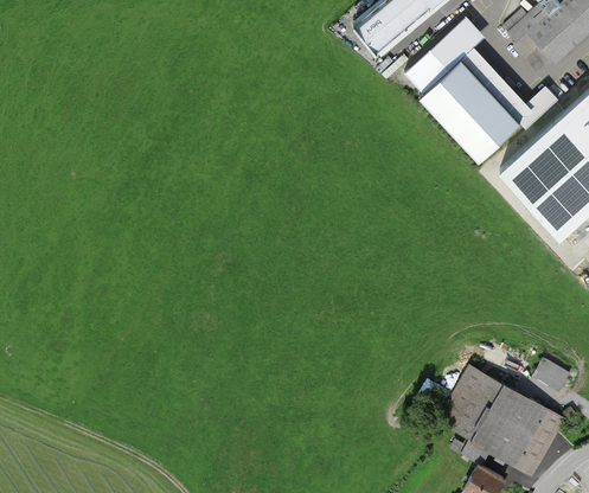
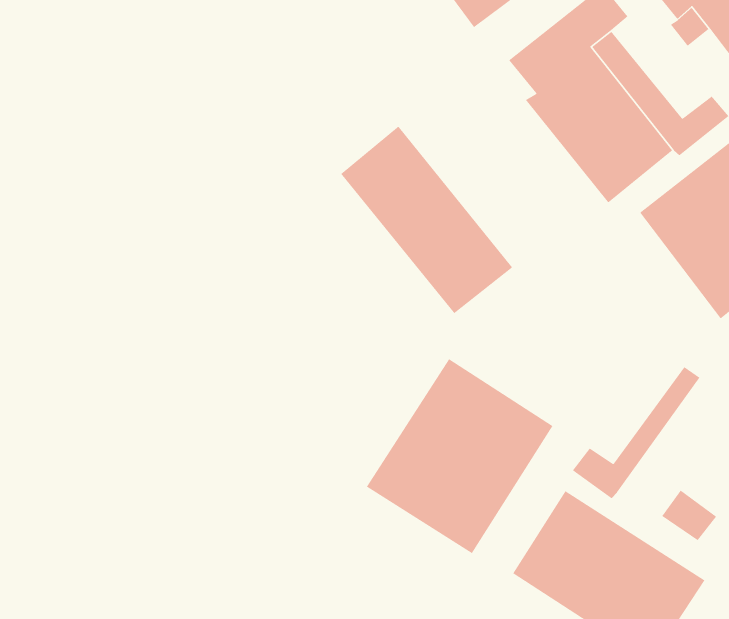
building: none -> [340,126,513,314]
building: none -> [572,366,700,499]
building: none -> [366,358,553,554]

